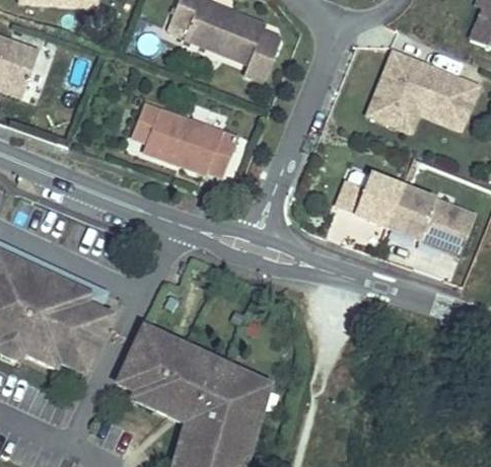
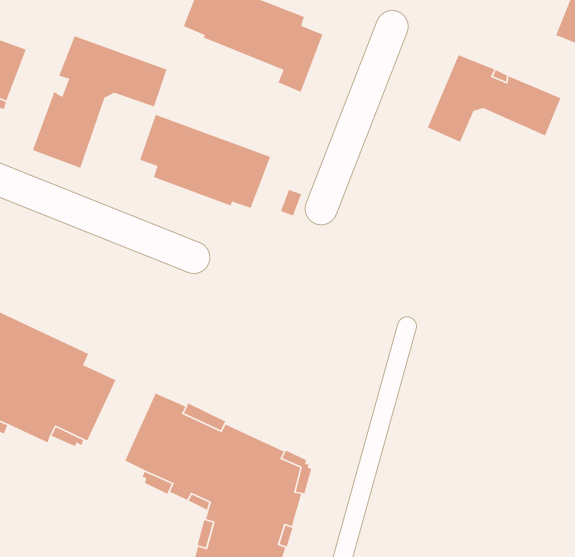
building: none -> [32,35,168,169]
building: [393,95,462,129] -> none
building: [331,172,467,255] -> none

